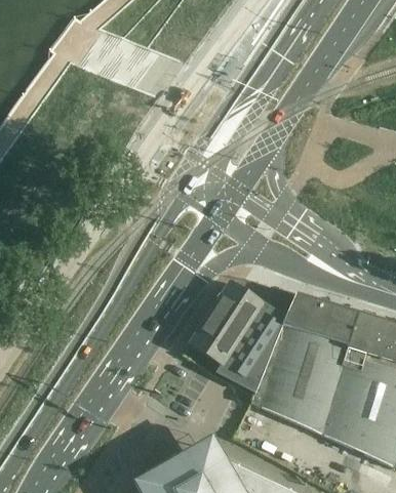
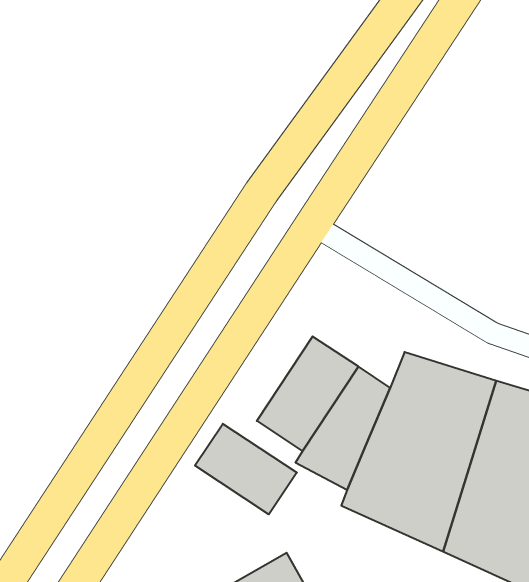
building: none -> [195,424,297,514]

